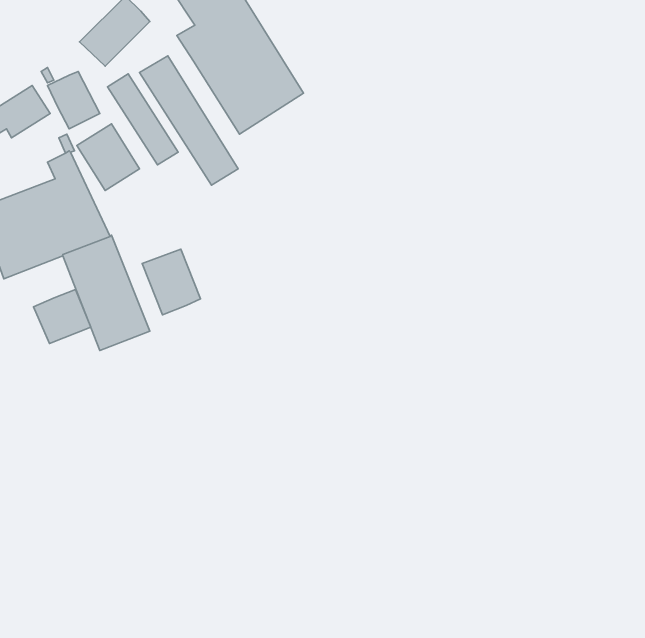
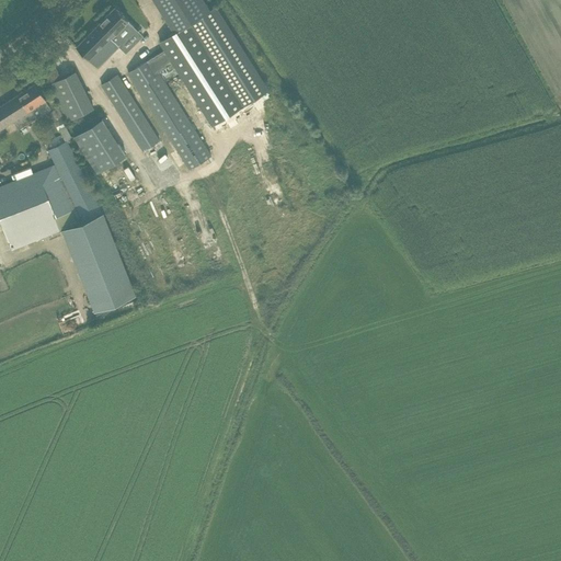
building: [142,249,201,315] -> none
building: [34,290,91,343] -> none

